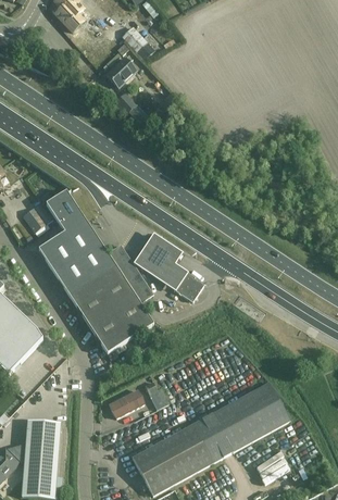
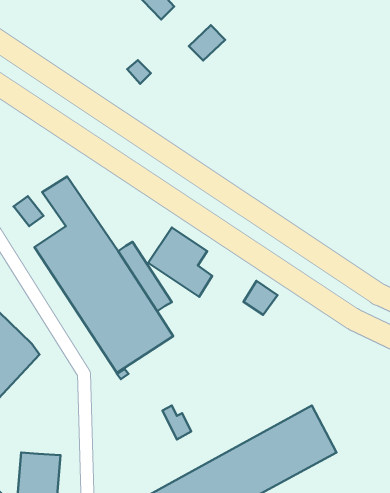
building: [105,58,136,87] -> [189,25,225,61]
building: [175,273,203,301] -> [243,281,277,315]
building: [109,389,143,417] -> none

